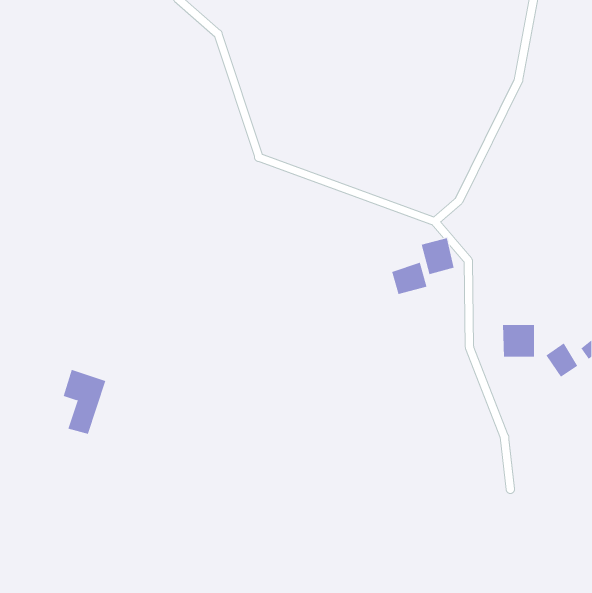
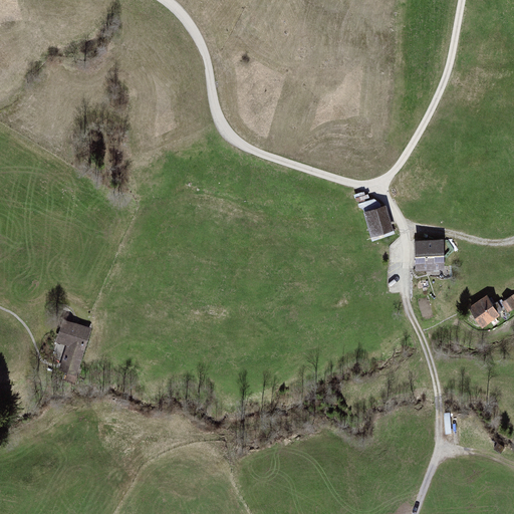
building: [392,262,427,295] -> none
building: [502,325,535,357] -> [415,240,443,268]

